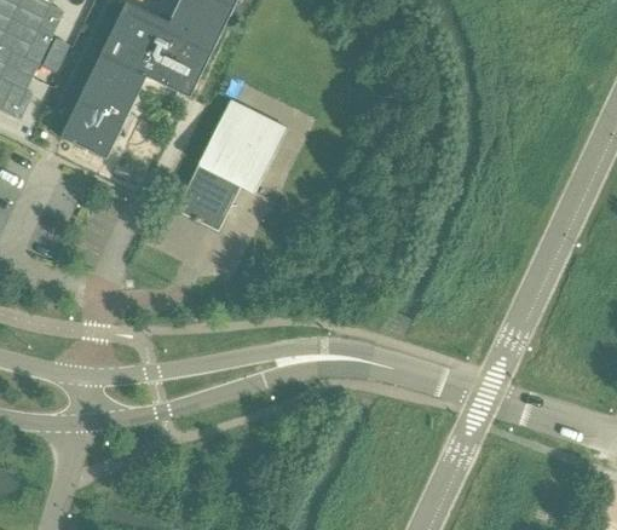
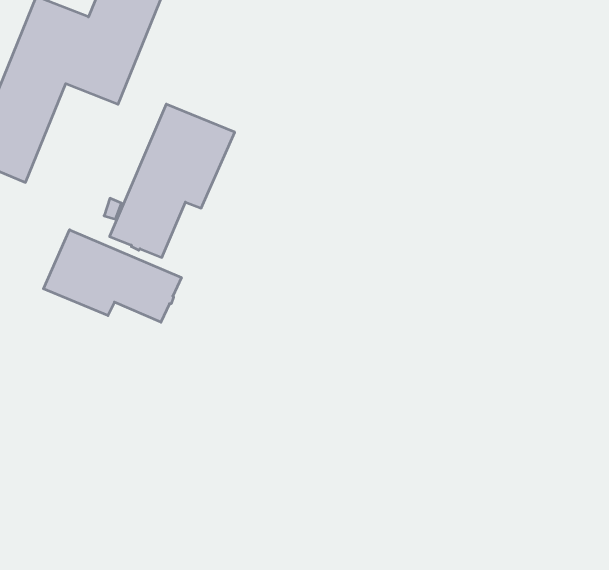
building: none -> [43,230,181,322]

